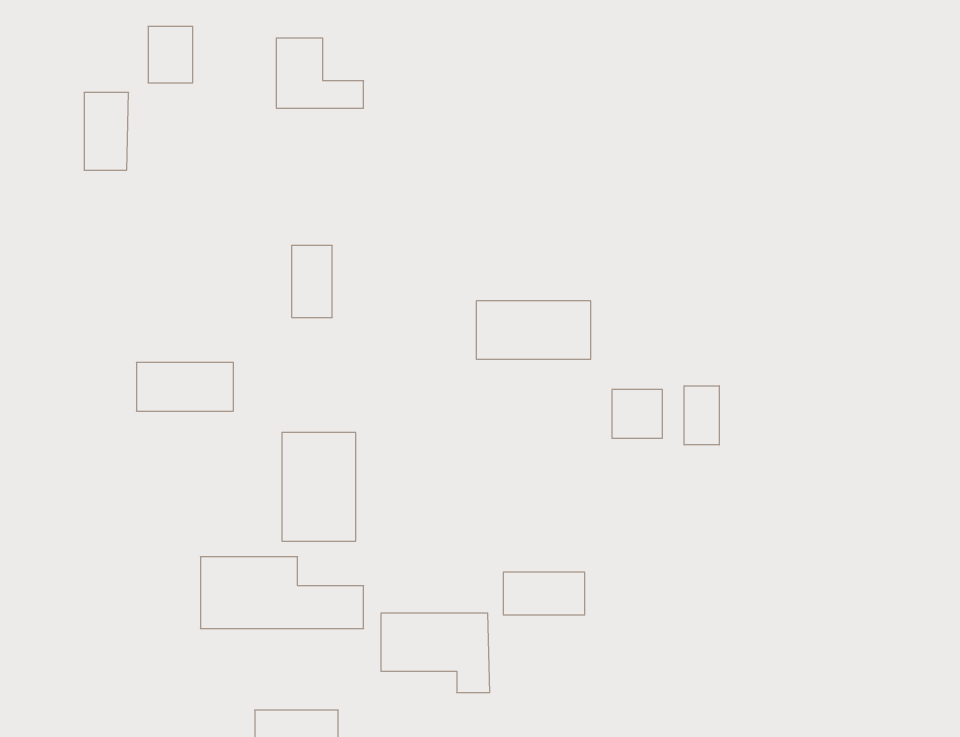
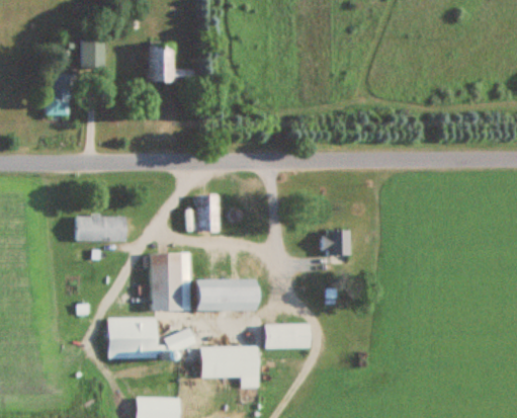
building: [292,245,332,317] -> [196,193,218,231]
building: [476,301,591,359] -> [195,278,255,309]
building: [684,386,719,445] -> none

